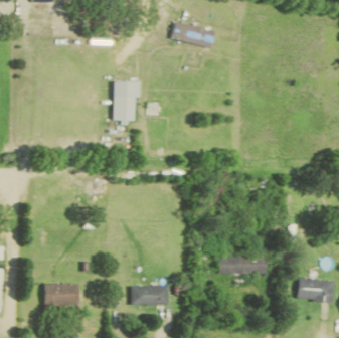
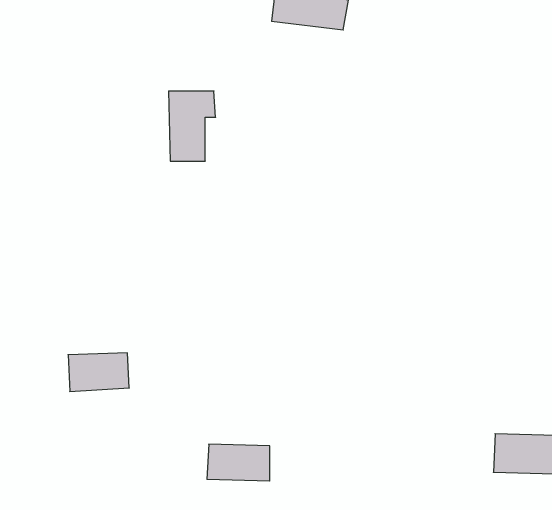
building: [218,256,266,275] -> none
building: [44,284,79,306] -> [68,353,129,391]

